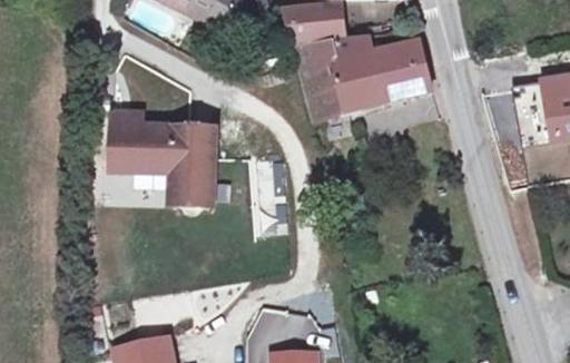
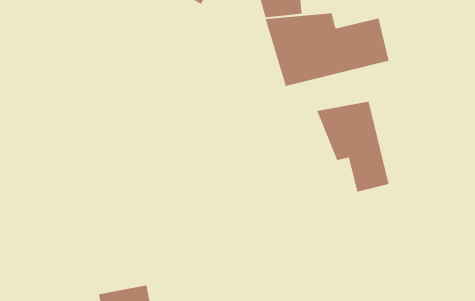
building: [115,115,215,204] -> none
building: none -> [317,101,389,193]

